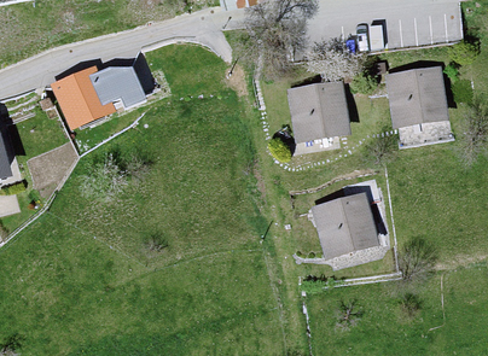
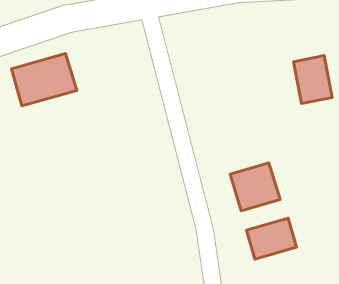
building: [292,83,344,138] -> none
building: none -> [247,218,296,259]

